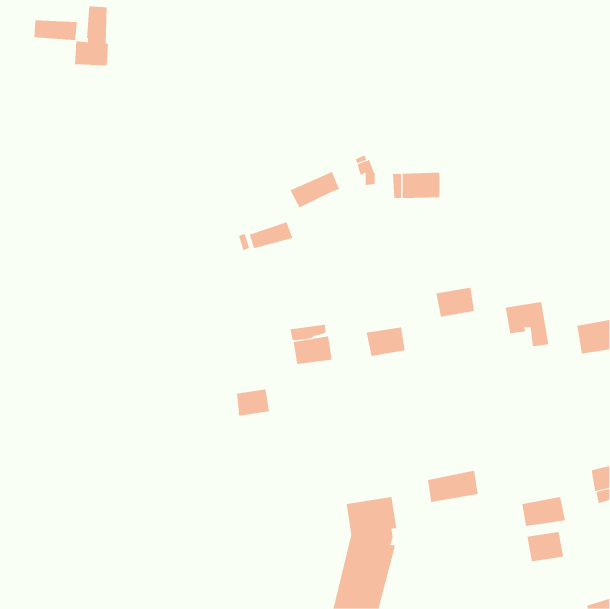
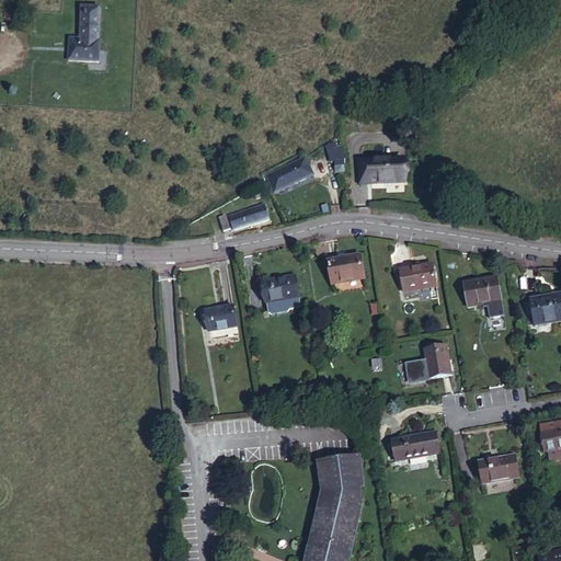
building: [34,20,77,41] -> none
building: [366,327,405,357] -> [327,254,363,282]
building: [293,336,332,365] -> [262,275,298,301]
building: none -> [405,345,451,381]
building: [236,389,270,416] -> [205,305,236,330]
building: [527,531,564,562] -> none

